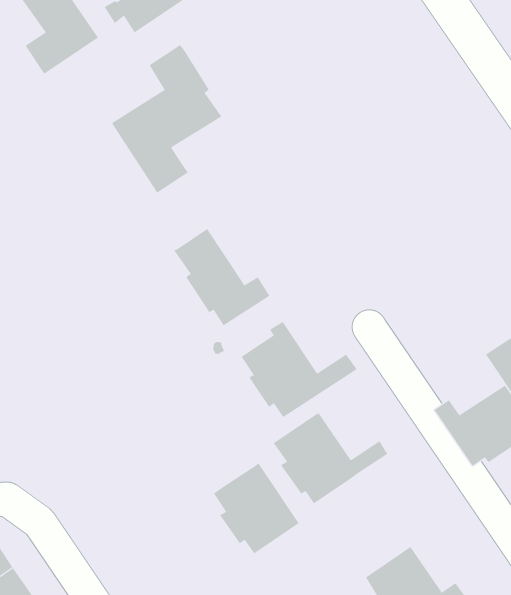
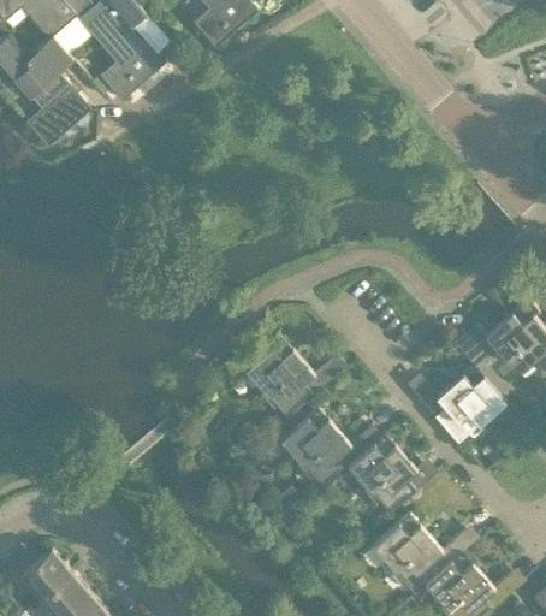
building: [111,44,222,194] -> none
building: [174,228,270,326] -> none
building: [213,462,299,554] -> [348,432,425,511]

